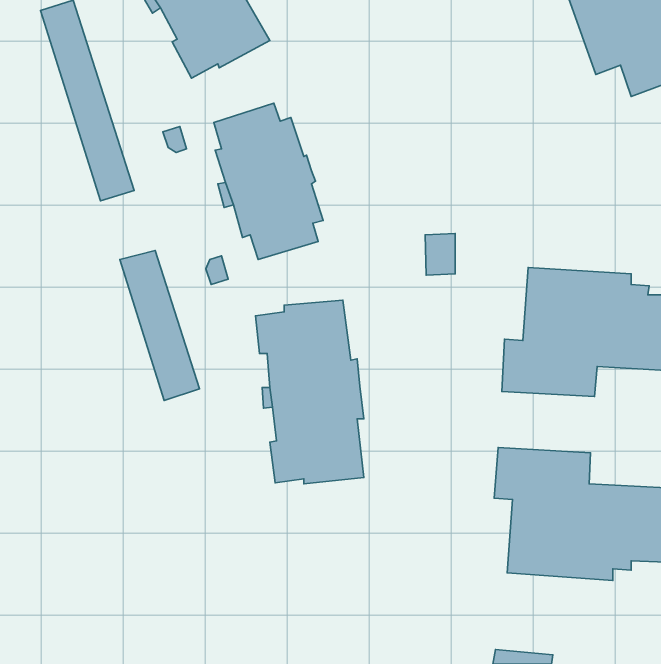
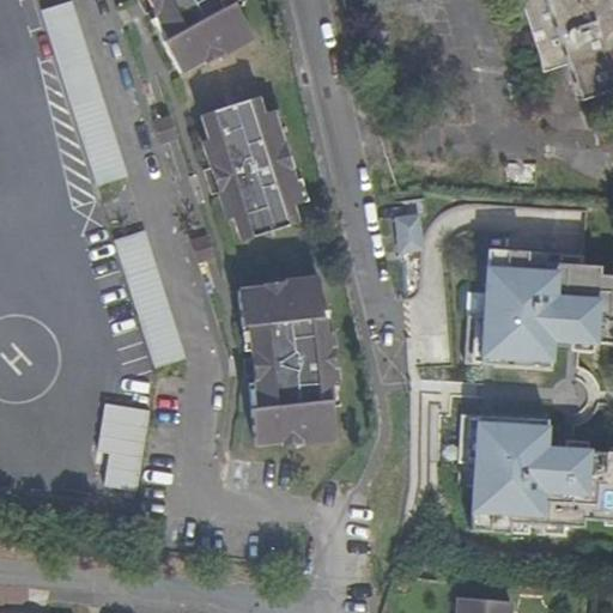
building: none -> [104,407,152,491]

